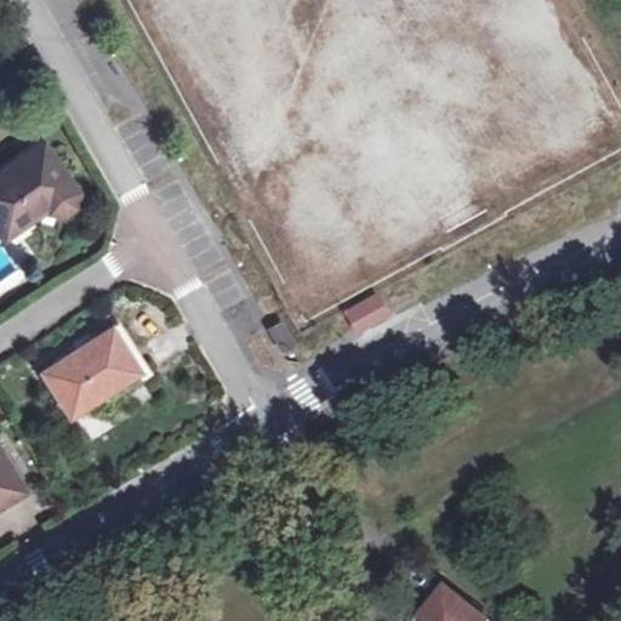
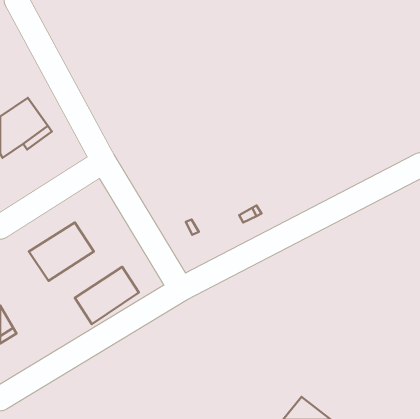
building: none -> [75,267,139,324]

